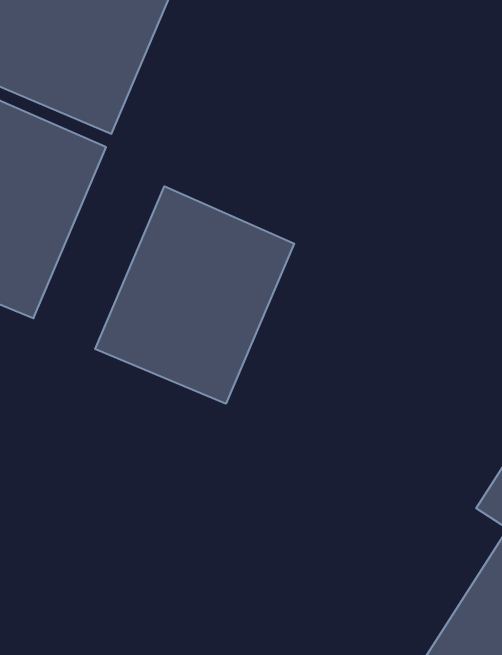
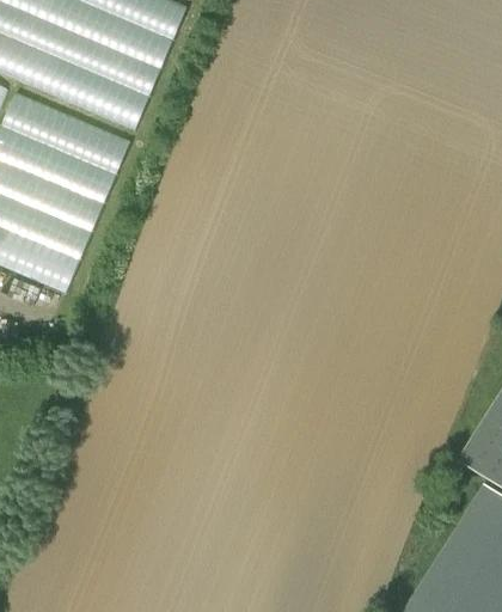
building: [95,186,294,404] -> none

